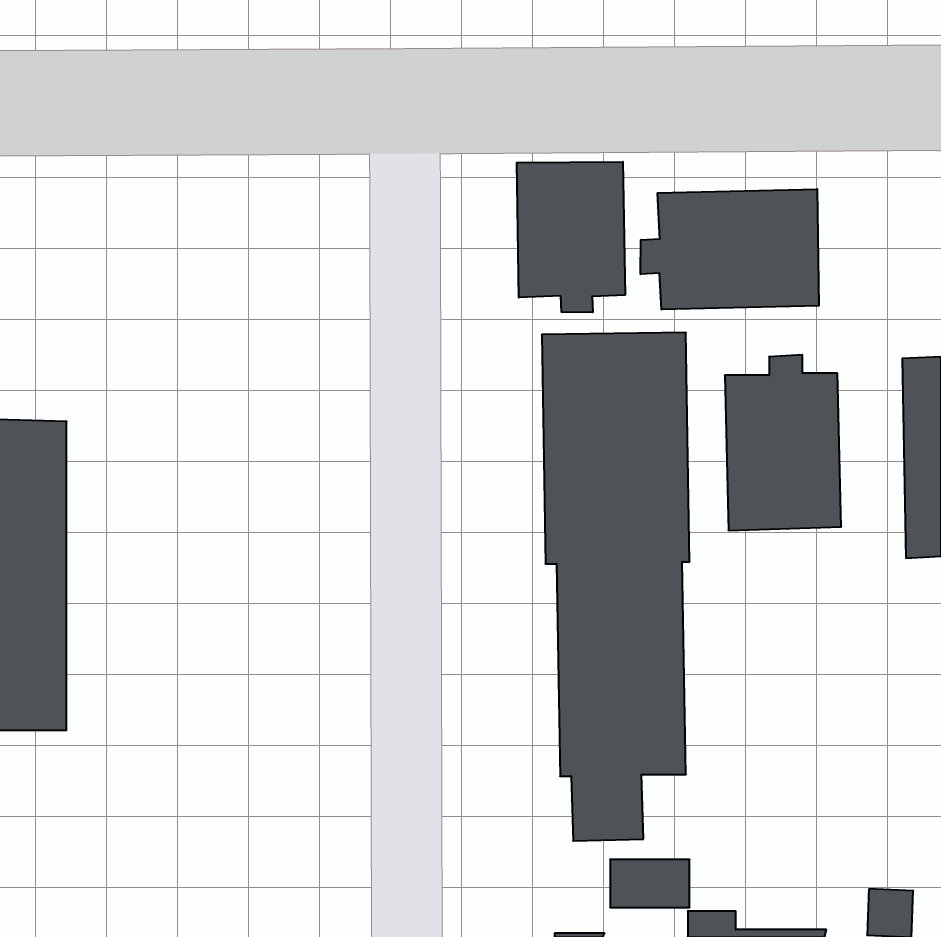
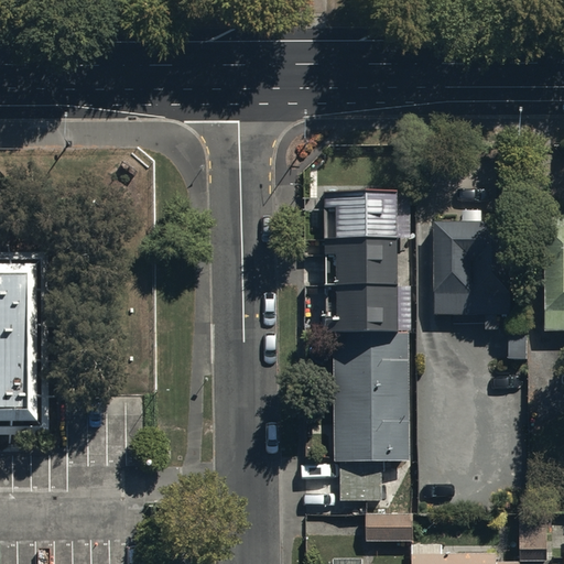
building: [517,162,625,312] -> none
building: [641,189,819,310] -> none

